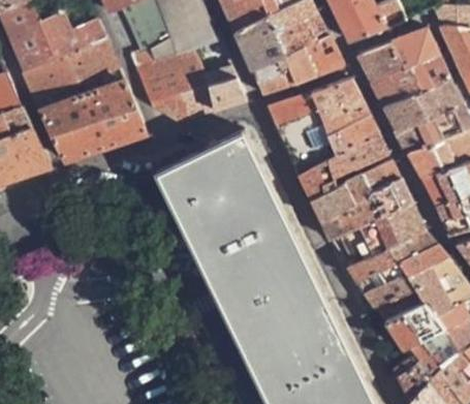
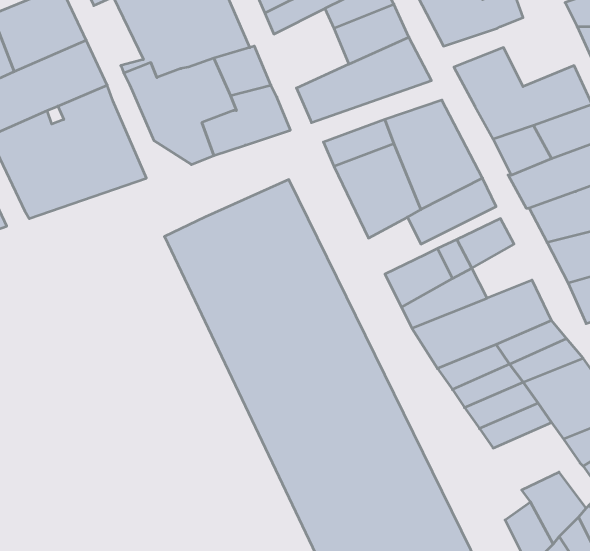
building: [233,15,285,70] -> none
building: [391,28,440,69] -> none
building: [299,159,338,198] -> none
building: [370,178,411,215] -> none
building: [384,301,444,347] -> none

